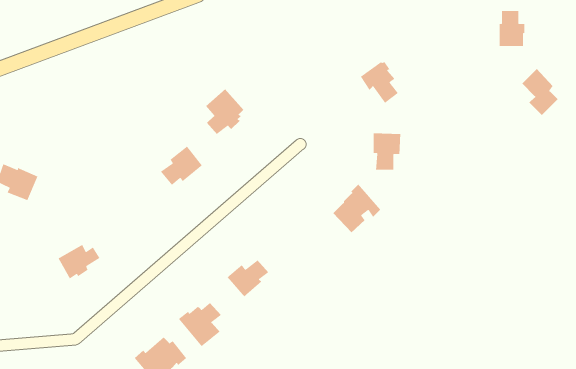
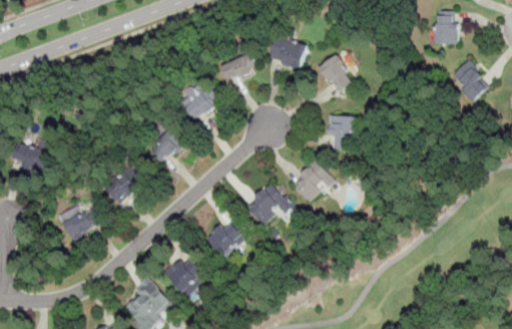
building: none -> [269,31,304,66]
building: none -> [220,53,253,78]
building: none -> [100,167,143,203]
building: none -> [245,183,292,224]

